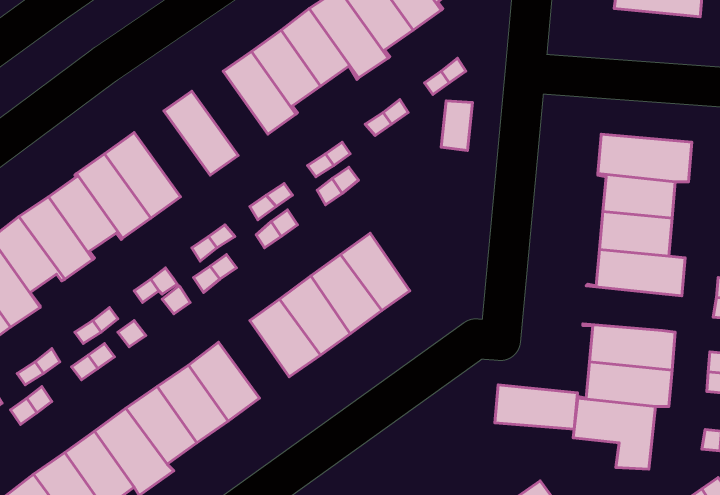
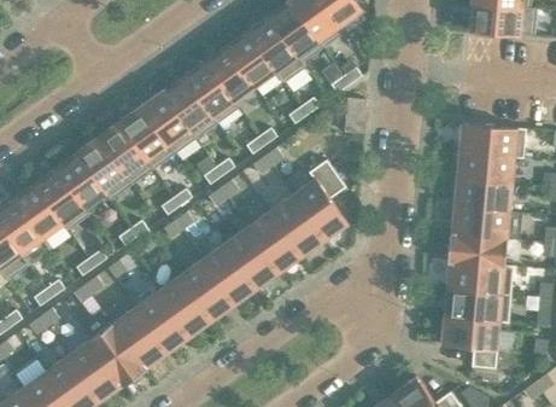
building: none -> [159,76,215,138]
building: none -> [117,105,172,168]
building: none -> [289,159,347,242]
building: none -> [178,258,230,315]
building: [495,385,577,429] -> [445,233,505,266]

